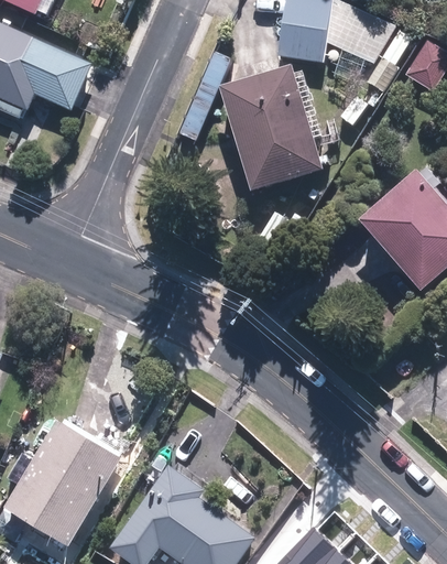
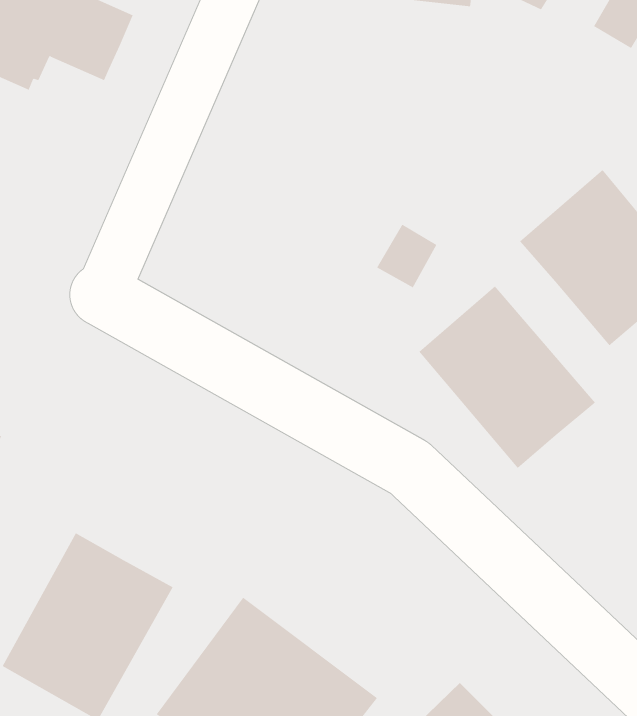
building: [217,65,321,193] -> none
building: none -> [419,286,596,469]

